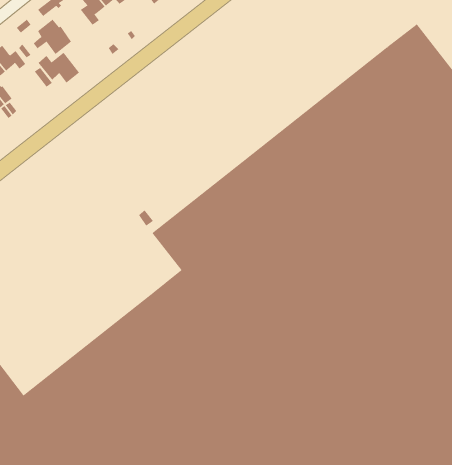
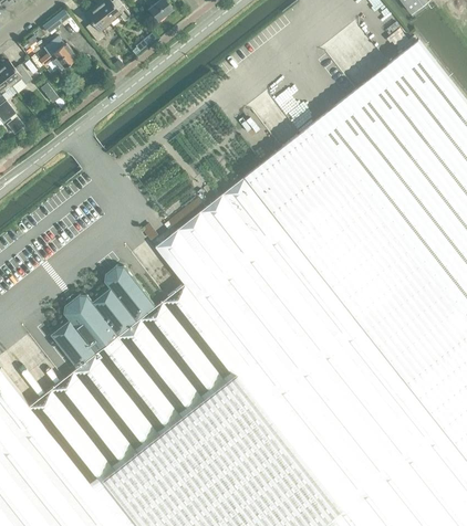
building: [38,52,80,83] -> none
building: none -> [51,265,156,368]

